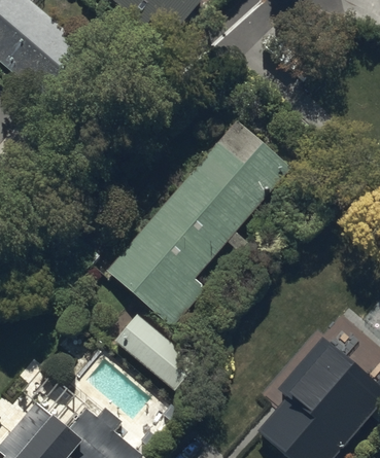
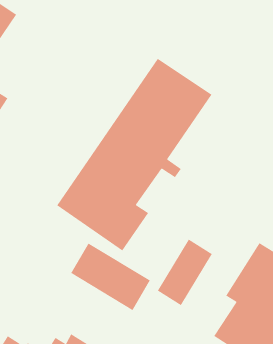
building: none -> [157,239,213,306]

